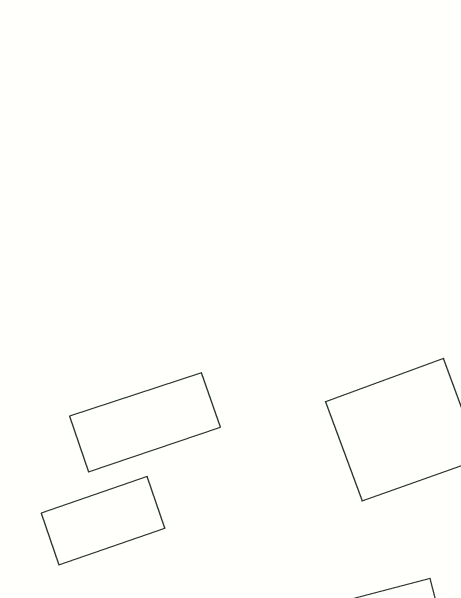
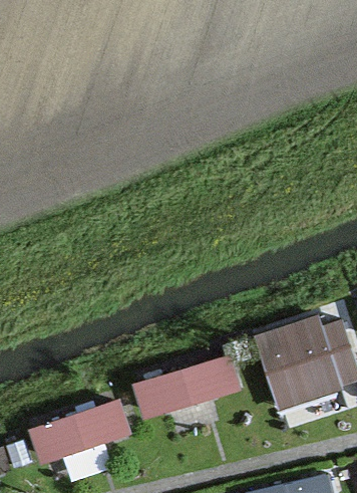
building: [70,373,220,472] -> [131,344,243,418]

